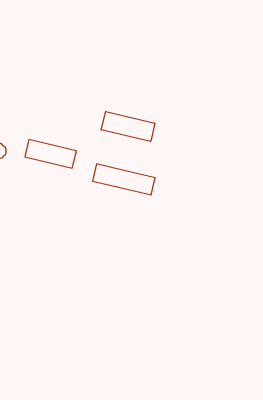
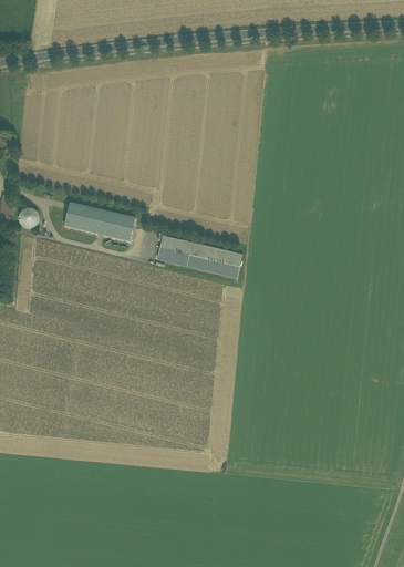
building: [101,111,155,142] -> none

